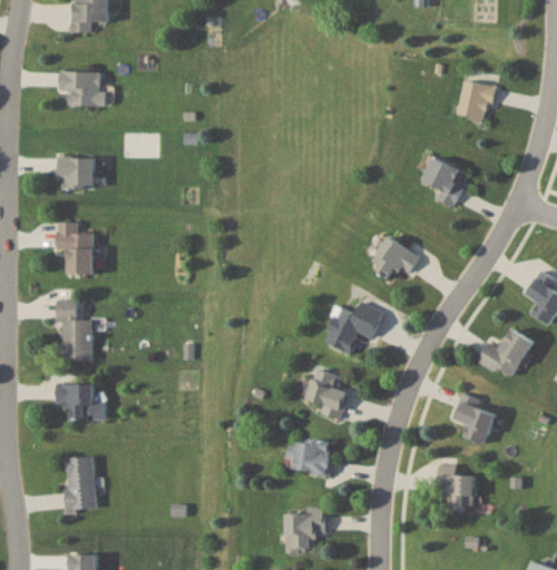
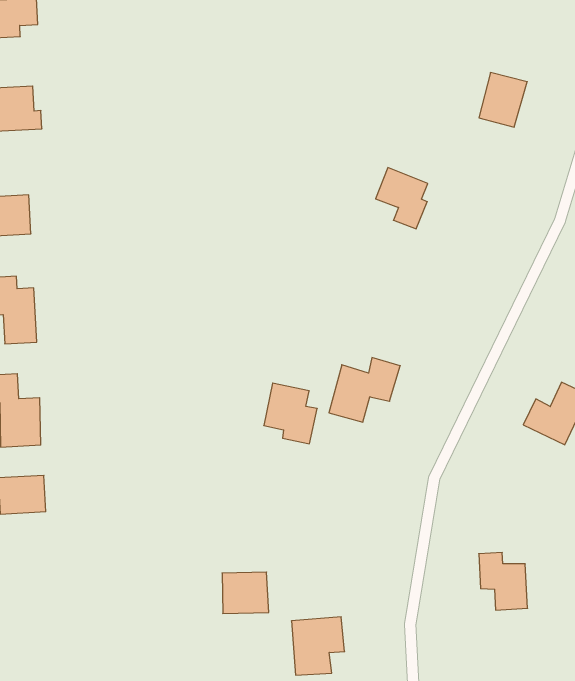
building: [422,157,465,207] -> [376,168,428,229]
building: [370,236,420,278] -> none
building: [306,368,350,419] -> [264,383,317,444]
building: [455,394,496,444] -> none
building: [295,439,332,472] -> [222,572,269,613]
building: [66,454,95,509] -> none

